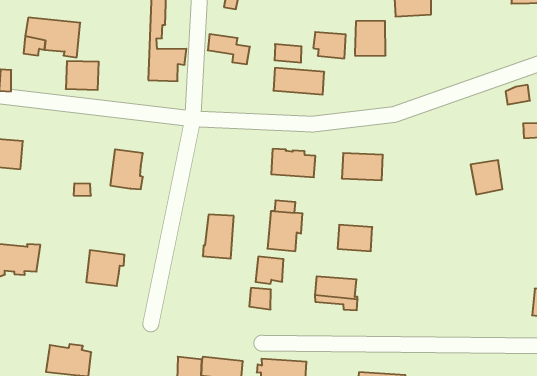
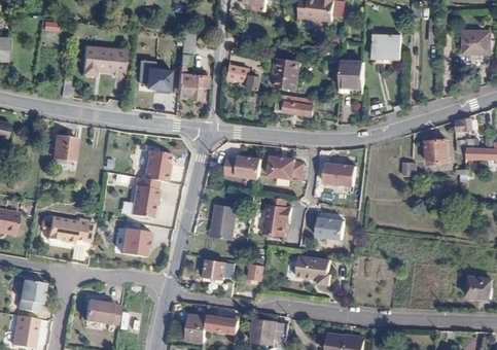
building: [313,32,346,58] -> [274,56,299,77]
building: [66,61,99,90] -> [147,67,174,91]
building: none -> [224,153,261,178]
building: [471,160,502,195] -> [425,138,449,164]
building: none -> [131,176,159,217]
building: [256,257,284,284] -> [203,258,225,280]

